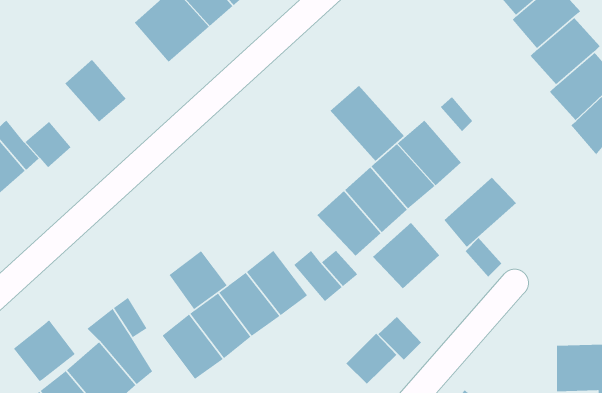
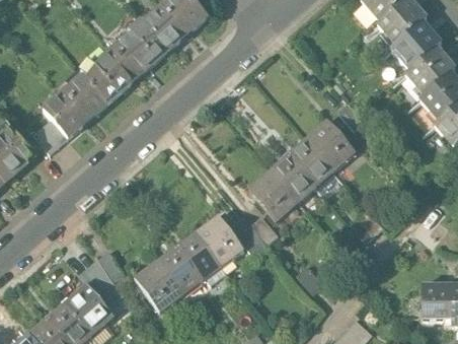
building: none -> [83,49,139,105]
building: none -> [43,93,88,140]
building: [329,85,405,162] -> none
building: [443,177,517,248] -> none
building: [372,222,440,289] -> none
building: [169,250,228,310] -> none
building: [13,319,76,382] -> none
building: [346,333,397,384] -> none

